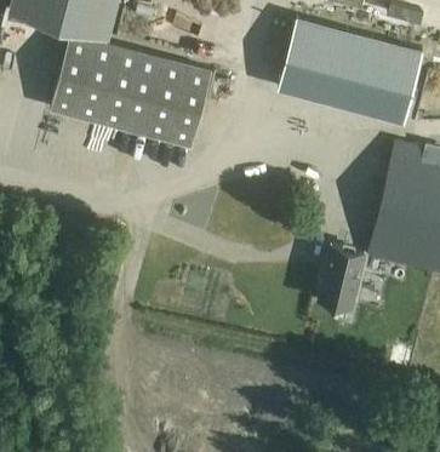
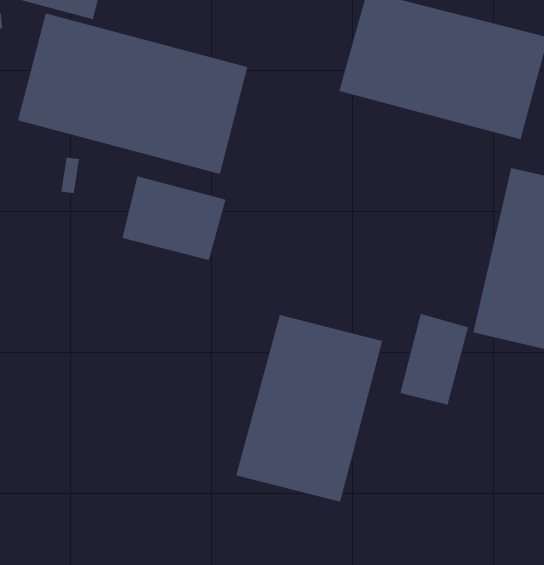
building: none -> [122,176,226,261]
building: none -> [236,314,383,503]

